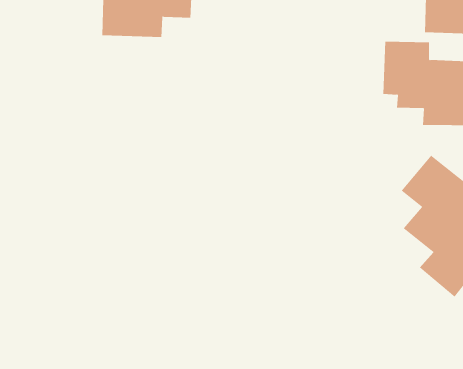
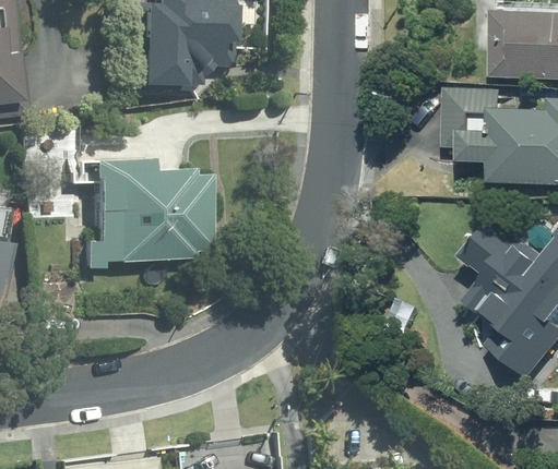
building: none -> [91,157,216,267]

